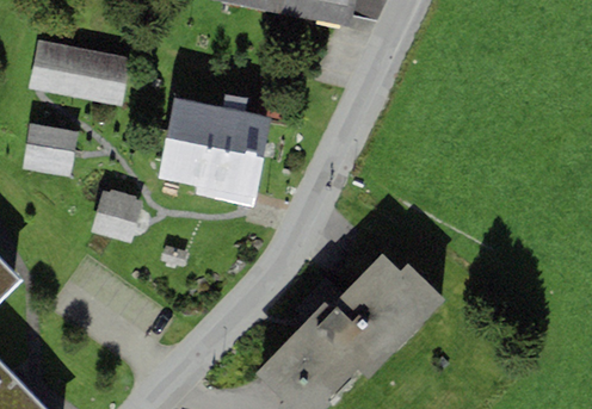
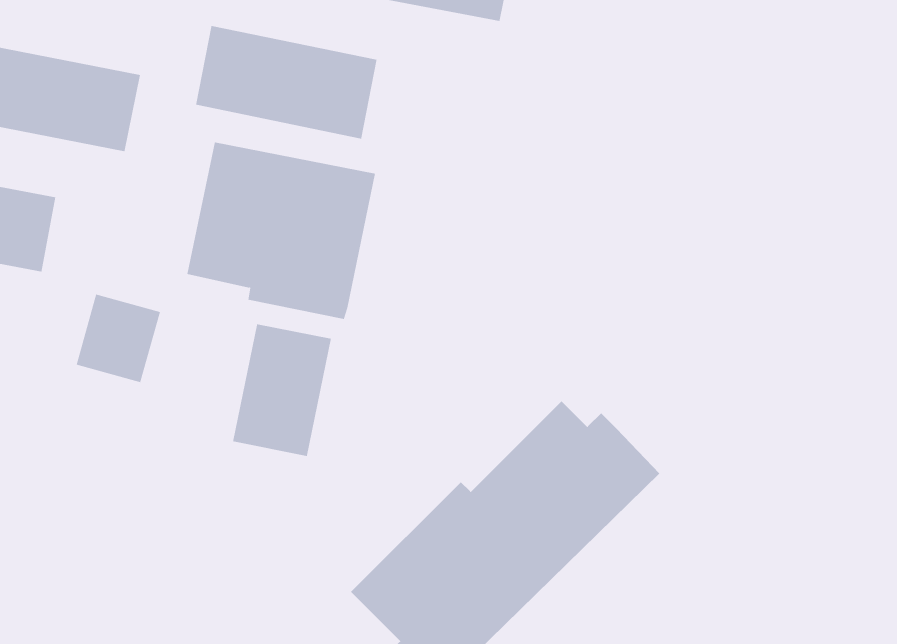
building: none -> [196,25,377,139]
building: none -> [232,324,332,457]

